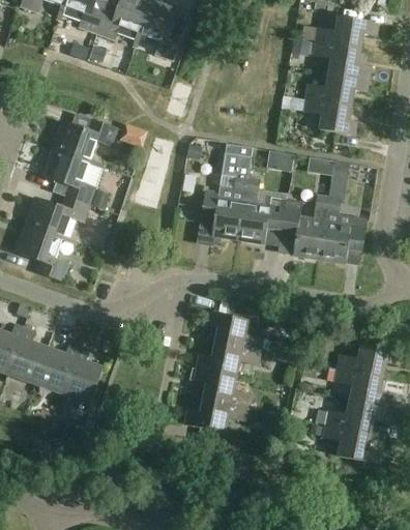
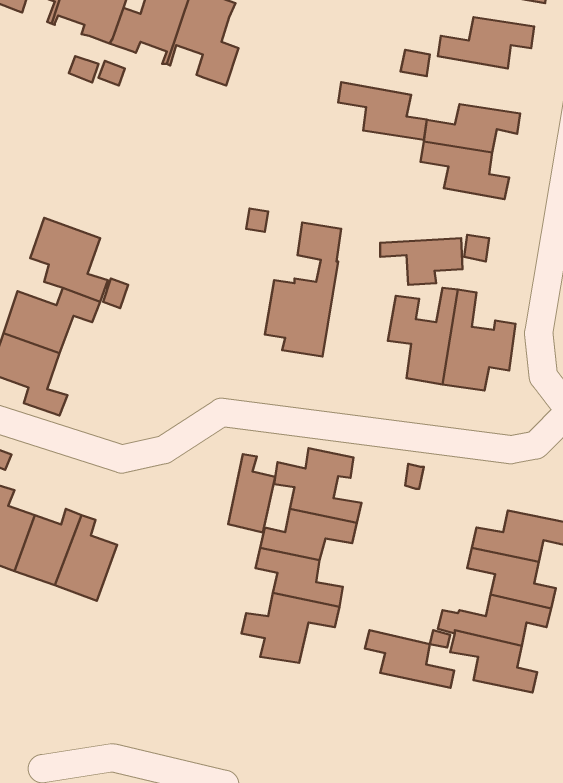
building: [313,40,372,79] -> [338,82,427,140]
building: [53,118,117,161] -> none
building: [238,177,287,244] -> none
building: none -> [228,454,275,533]
building: none -> [365,630,454,688]

